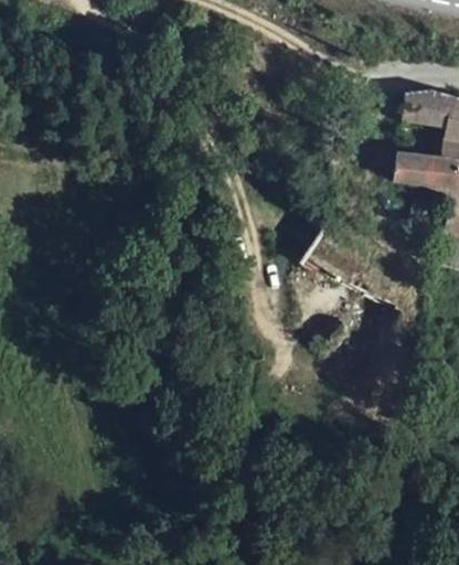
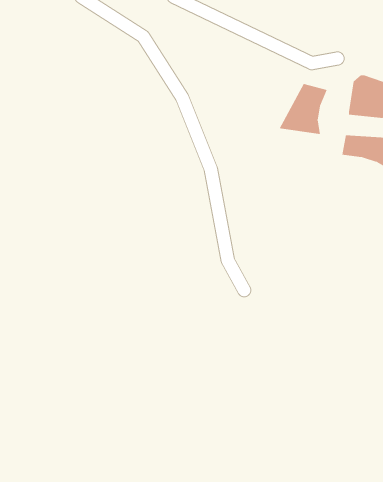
building: none -> [279,83,327,135]

